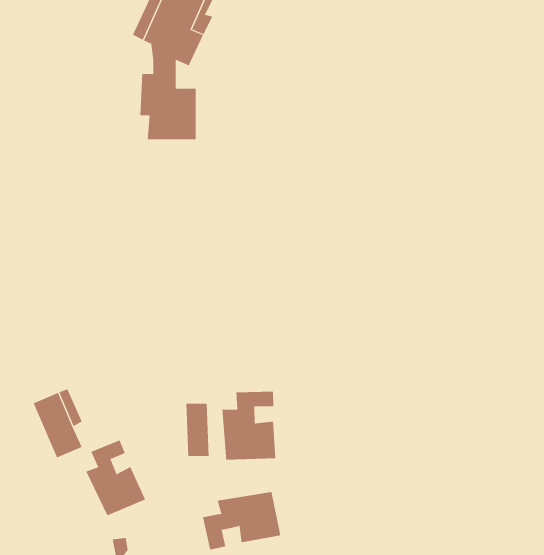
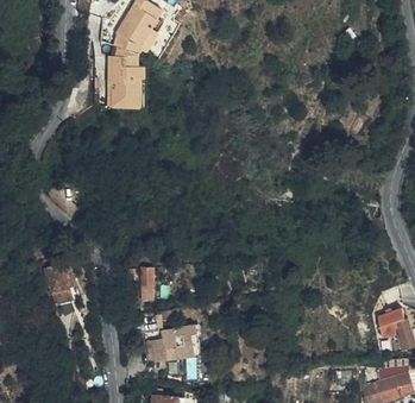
building: [222,391,276,461] -> none
building: [86,440,146,516] -> none

